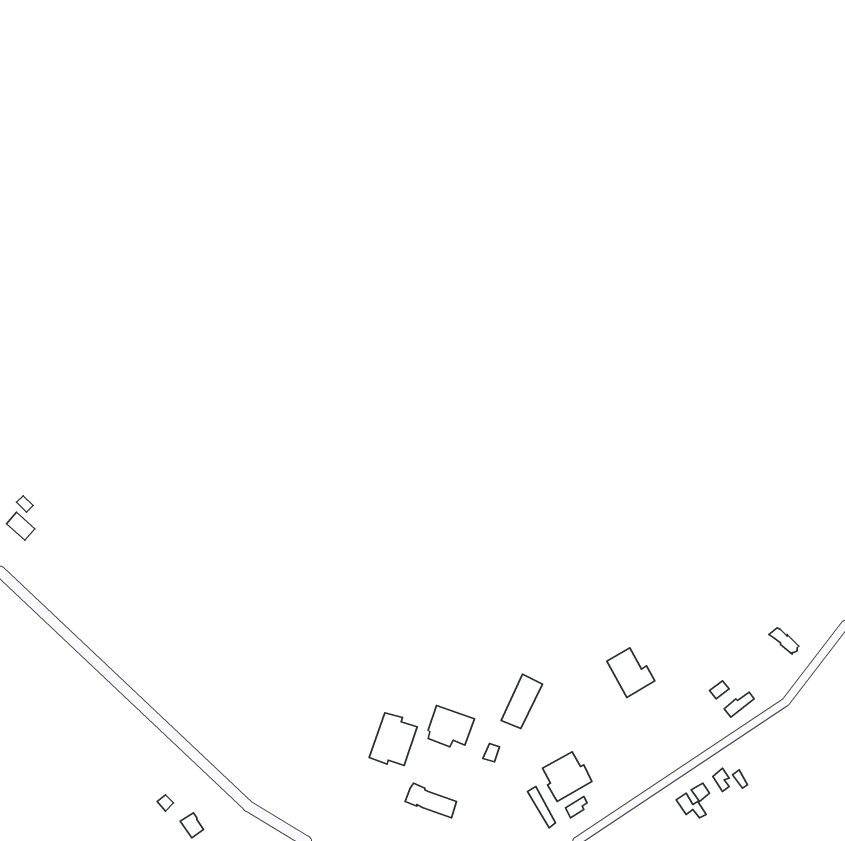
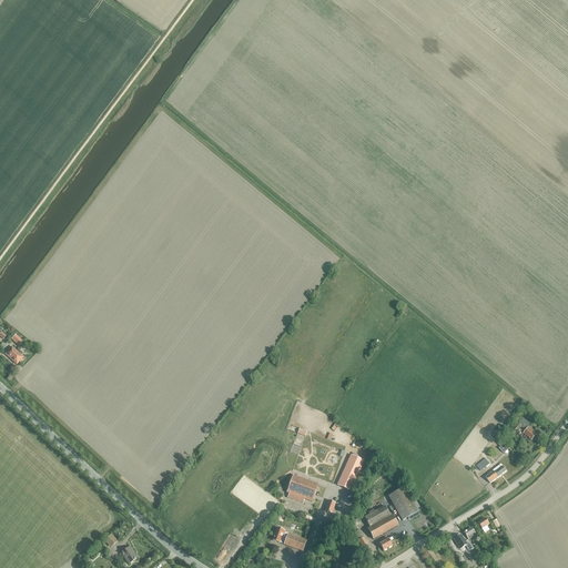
building: [607,648,655,697] -> [388,486,420,519]
building: [369,713,417,765] -> none

